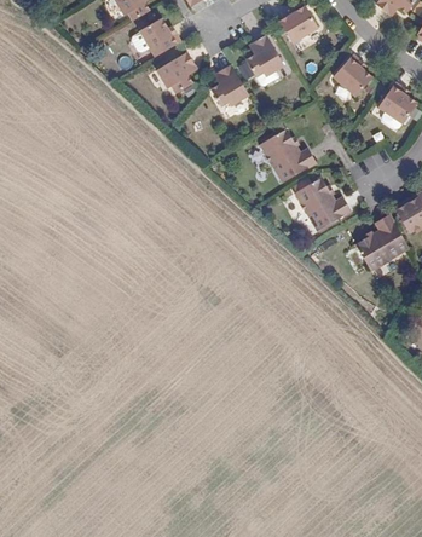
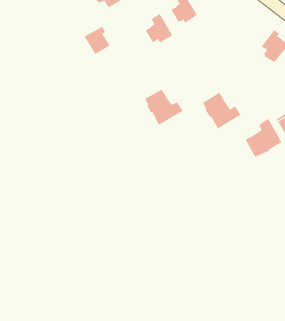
building: [163,51,201,91] -> [84,26,110,54]
building: [331,57,370,98] -> none
building: [258,128,313,180] -> [144,89,183,125]

